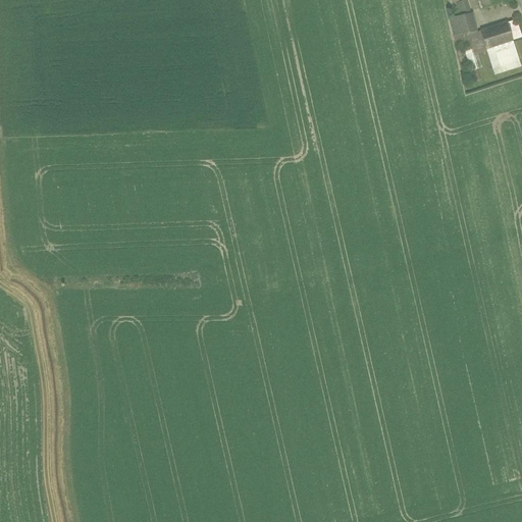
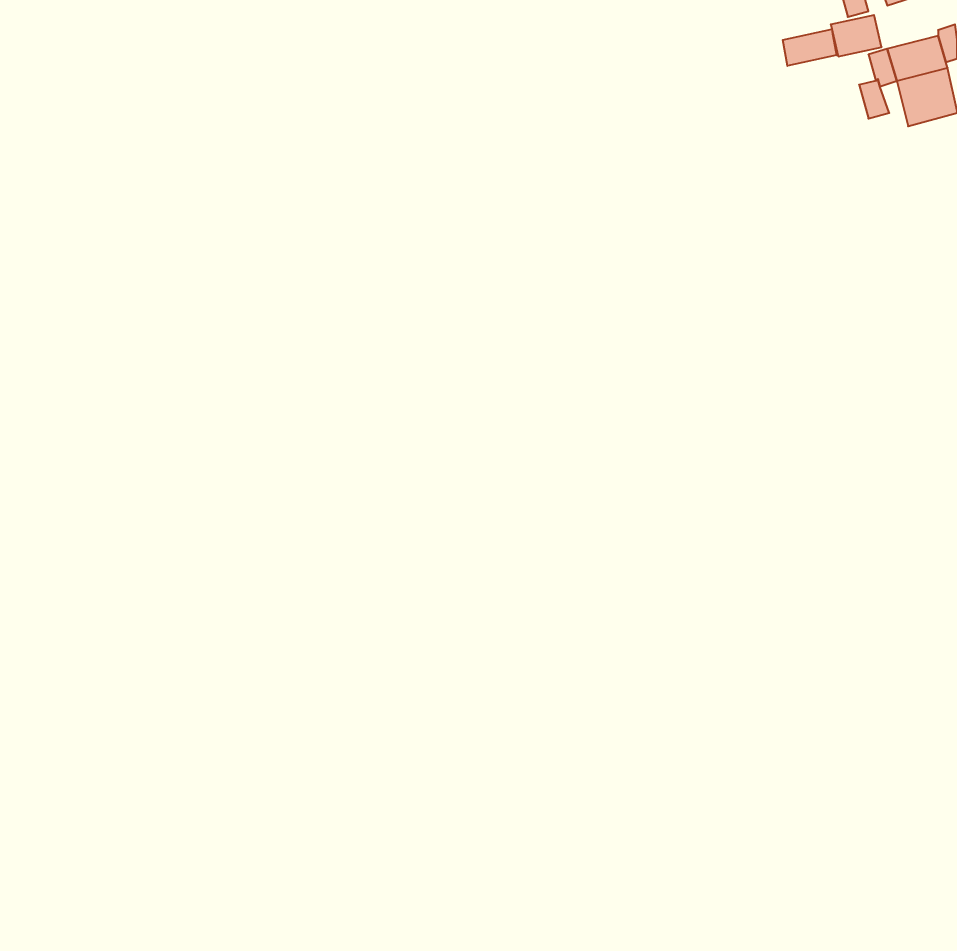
building: none -> [783,29,836,66]

